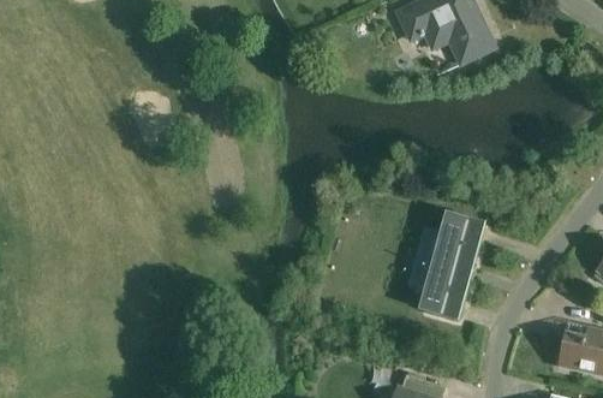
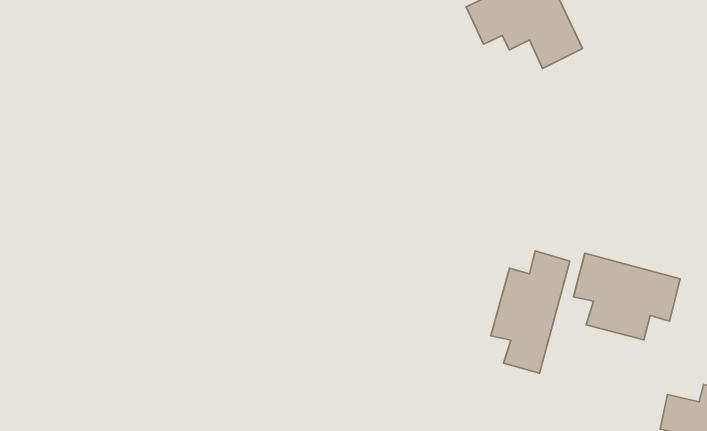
building: none -> [573,253,680,340]

